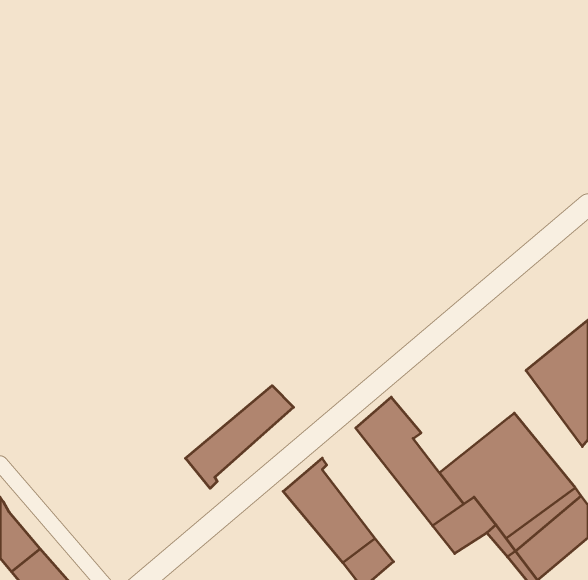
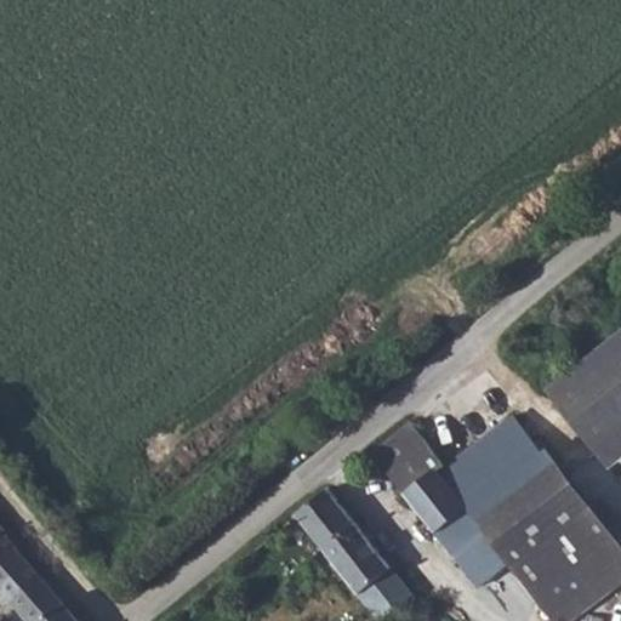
building: none -> [435,412,536,507]
building: [185,386,294,488] -> none

